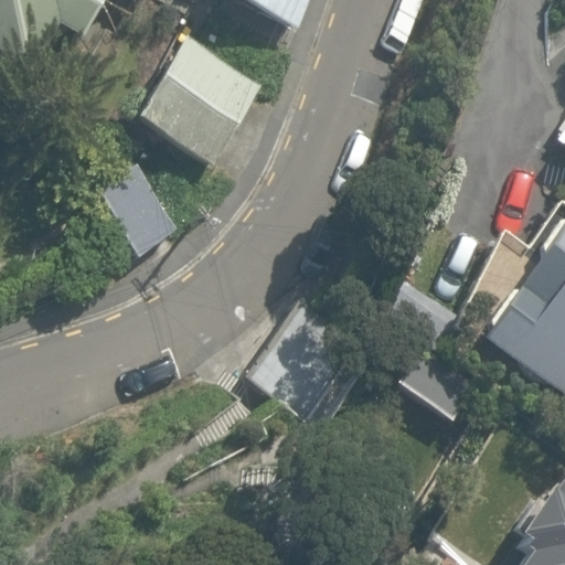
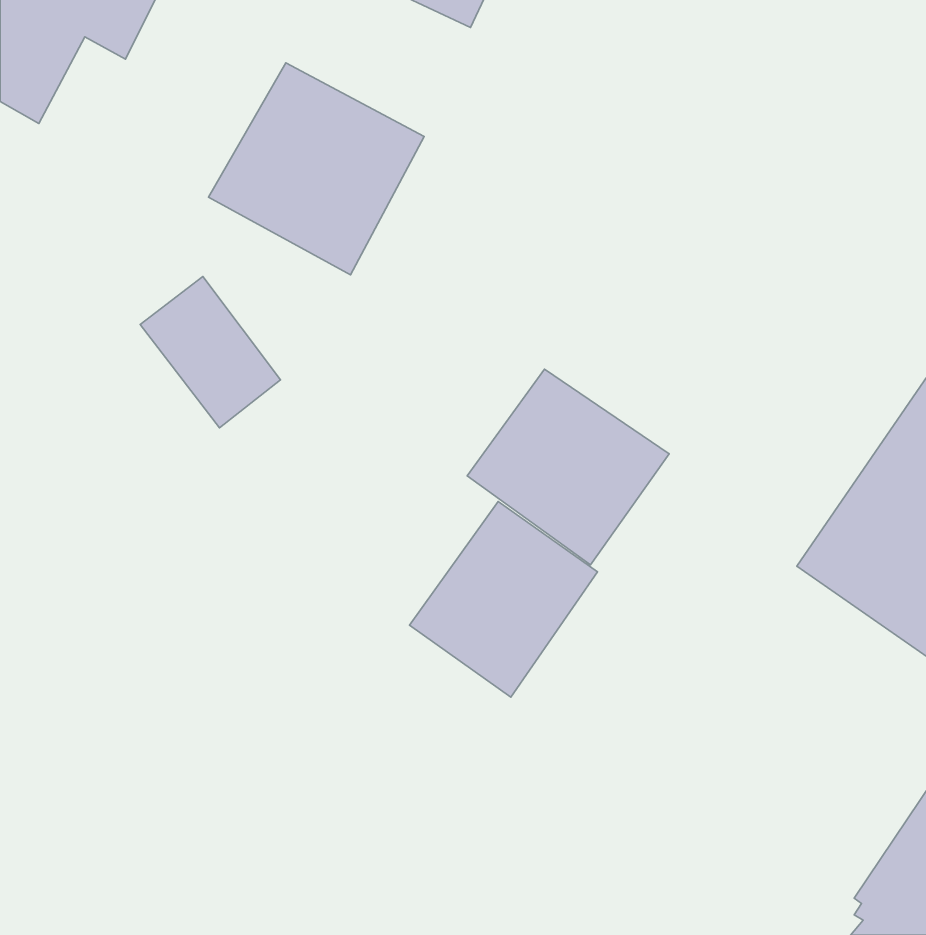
building: none -> [467,369,669,565]

